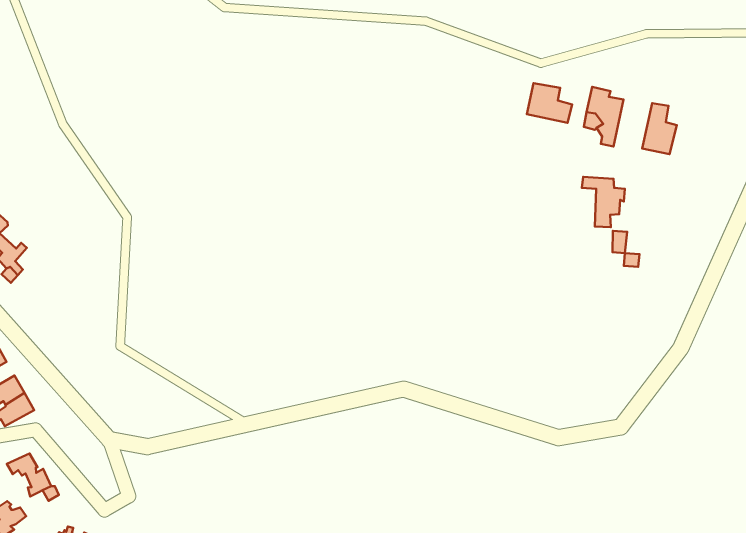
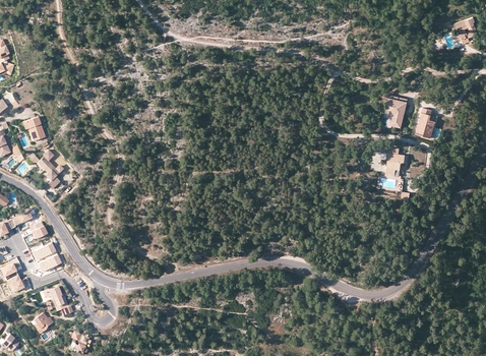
building: [527,83,572,123] -> none

